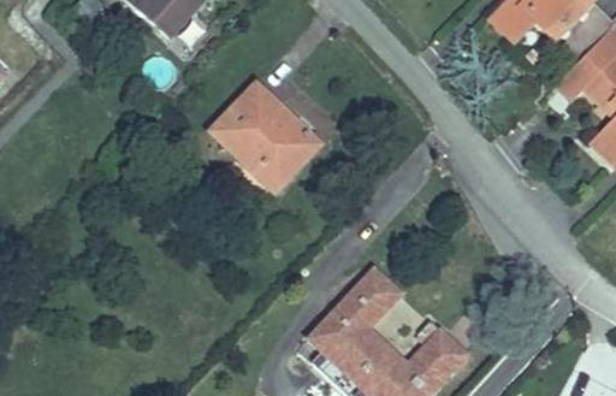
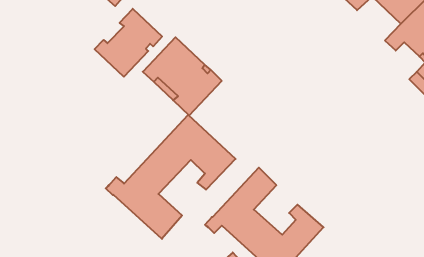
building: none -> [95,9,162,77]
building: none -> [106,115,236,239]

